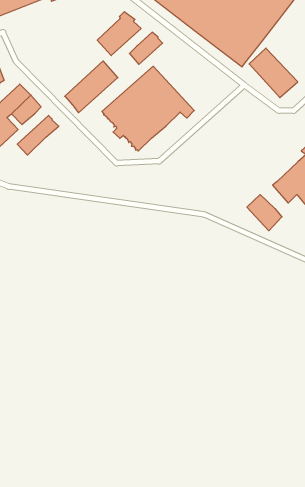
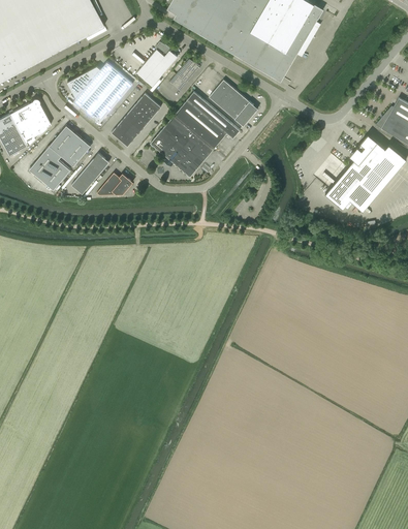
building: none -> [67,62,133,123]
building: [249,48,298,98] -> [209,80,258,126]
building: none -> [96,173,131,195]
building: [247,195,282,231] -> none

